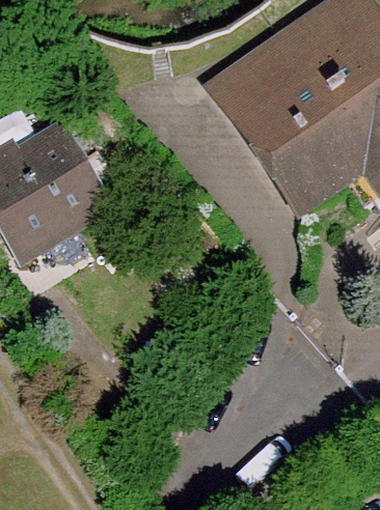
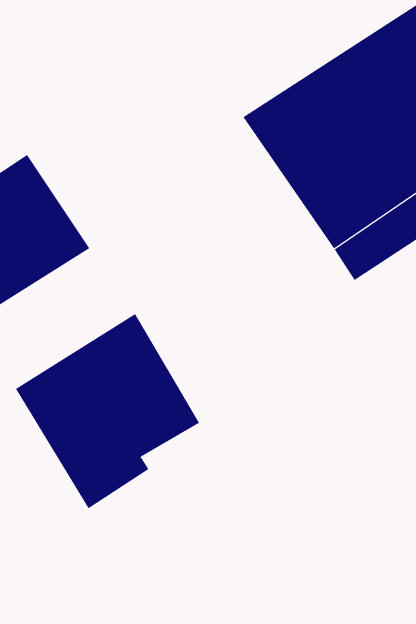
building: none -> [15,313,200,509]

